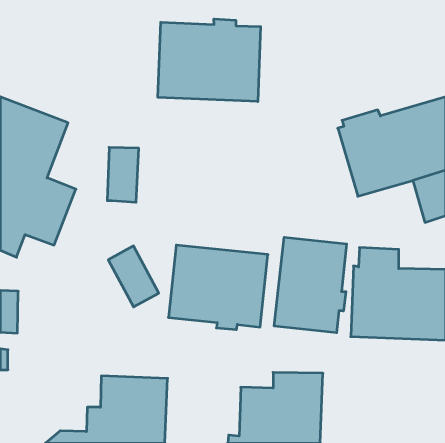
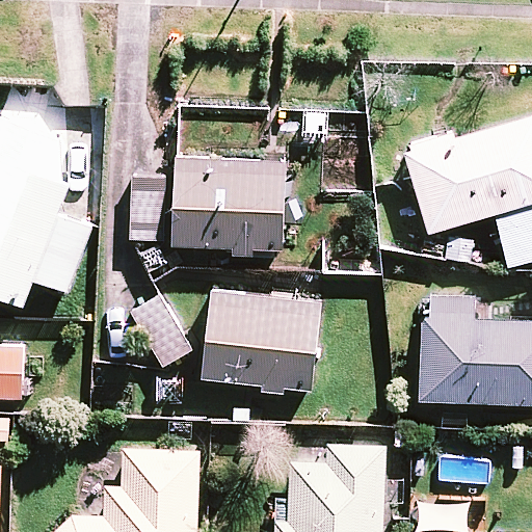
building: [158,19,261,102] -> none
building: none -> [170,157,285,256]
building: [274,237,347,333] -> none

